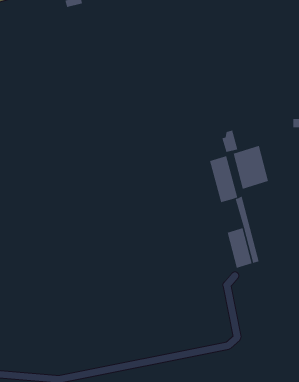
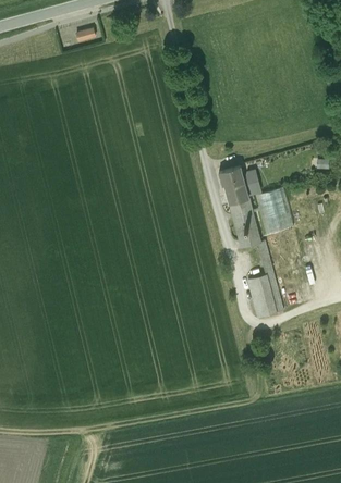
building: none -> [218,165,247,202]

